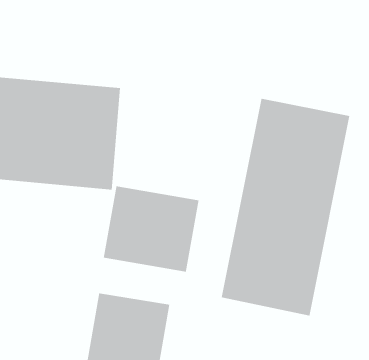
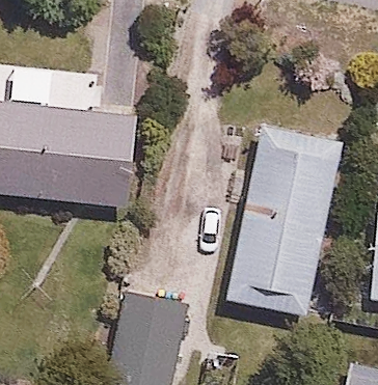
building: [103,186,199,273] -> none

